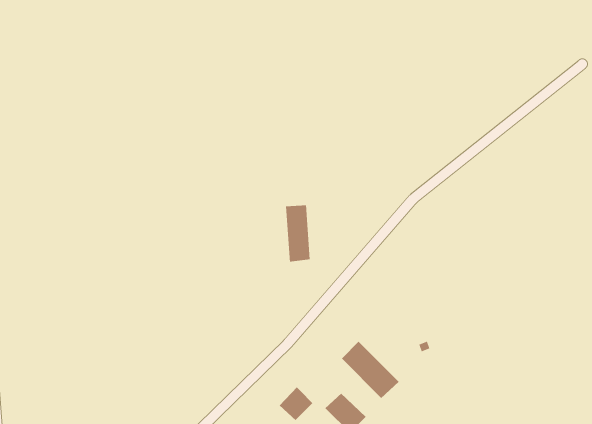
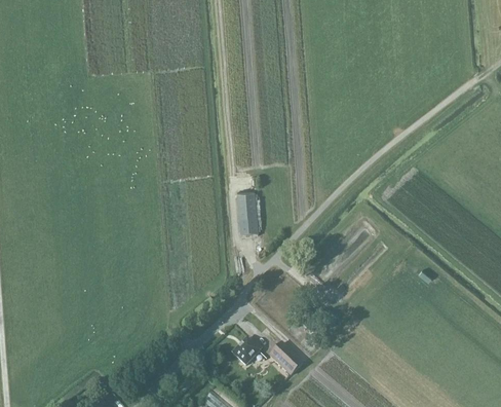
building: [341,341,400,399] -> none

